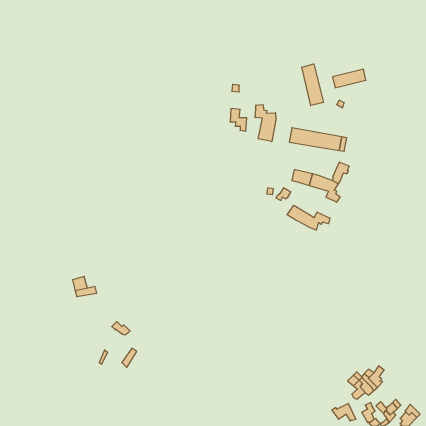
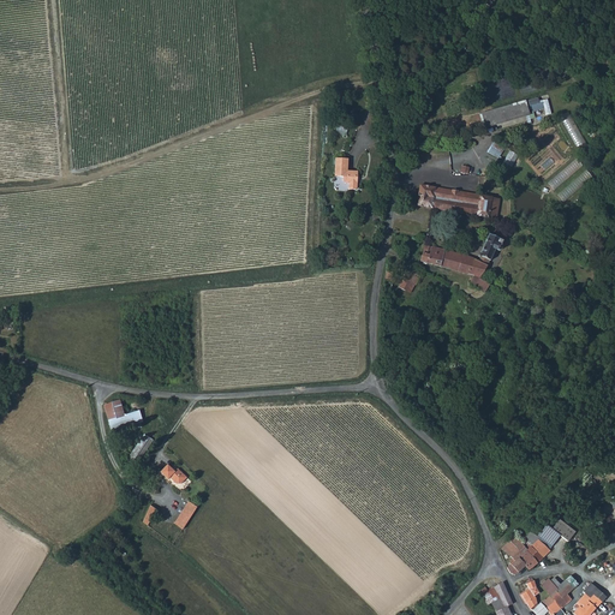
building: [302,64,324,106] -> none
building: [255,105,276,142] -> none
building: [287,205,330,230] -> none

